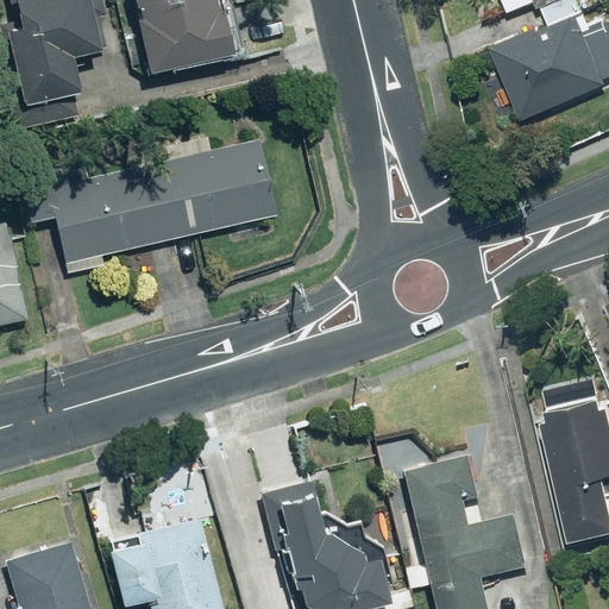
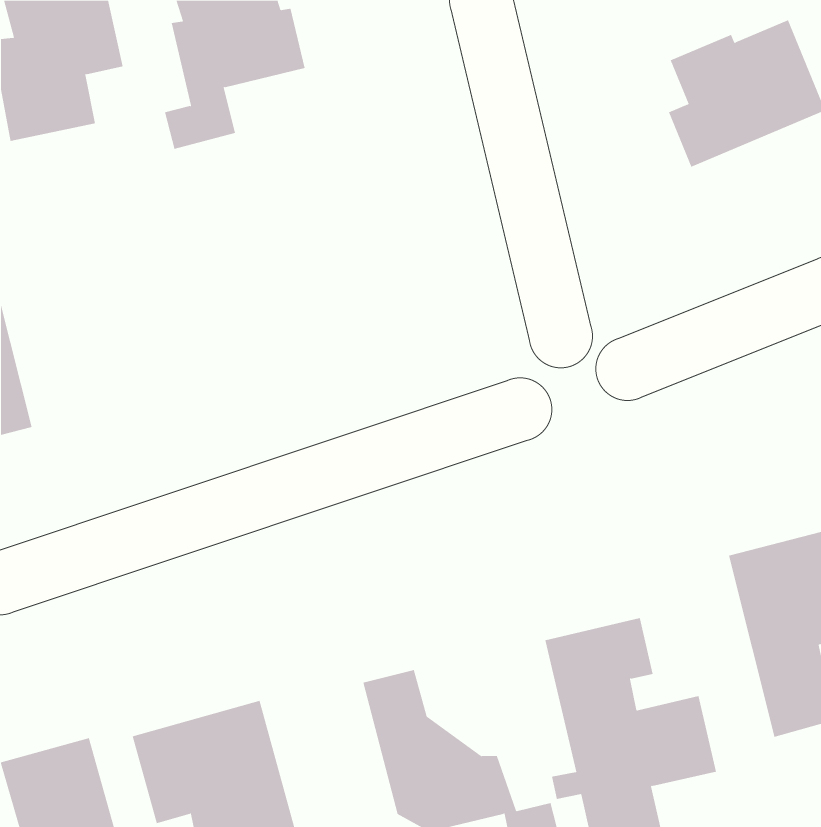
building: [50,137,277,276] -> none

